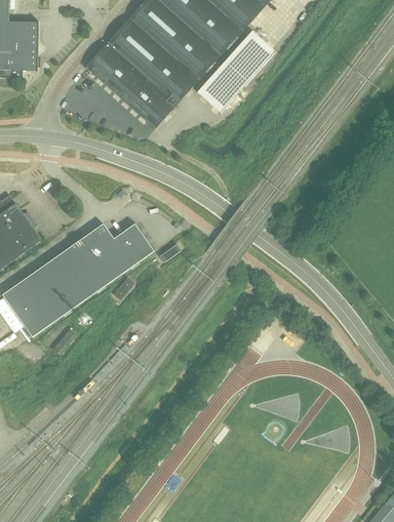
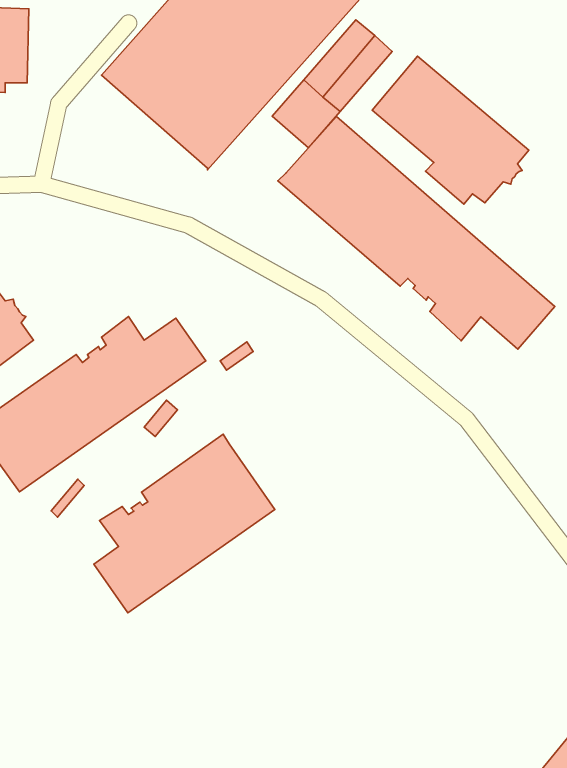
building: none -> [372,56,529,204]
building: none -> [278,117,555,349]
building: none -> [94,434,275,613]

